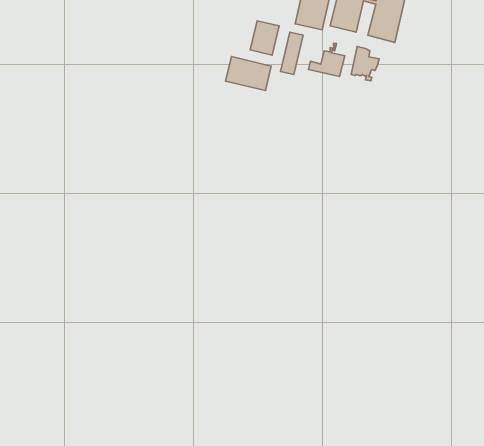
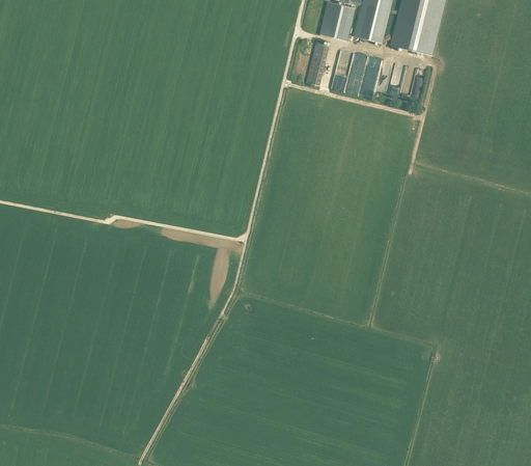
building: [250,21,279,55] -> none
building: [226,57,271,91] -> none

